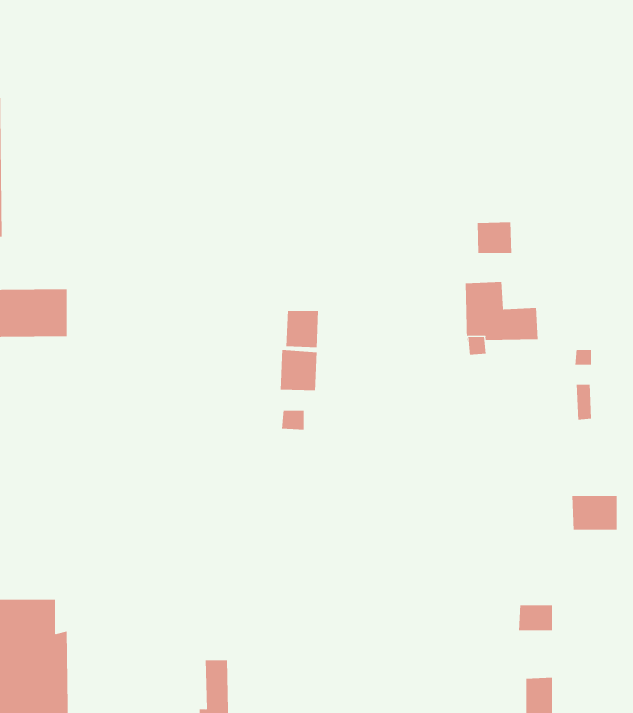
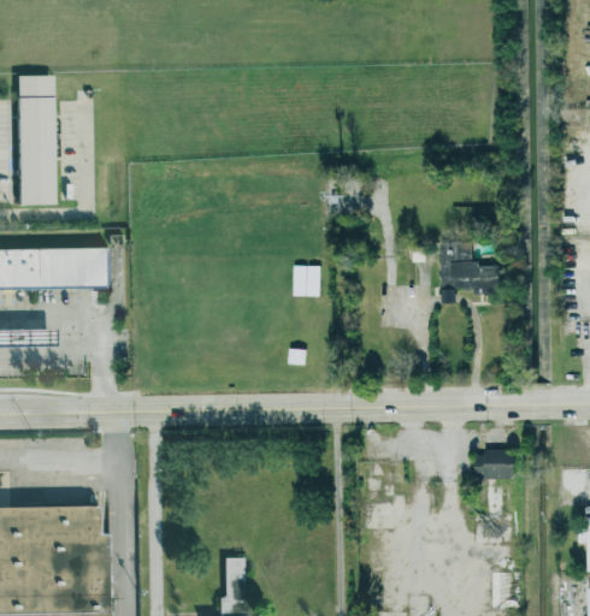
building: [477,222,512,254] -> none
building: [280,349,317,391] -> none
building: [571,495,618,530] -> [477,450,515,479]

